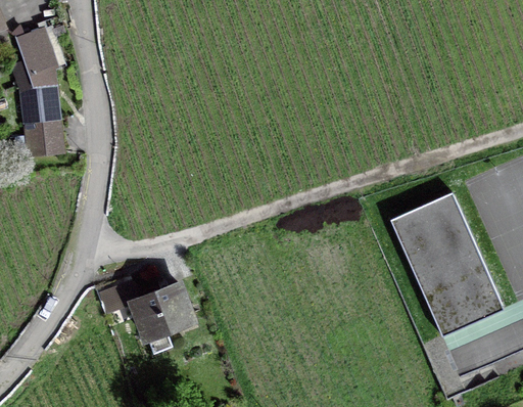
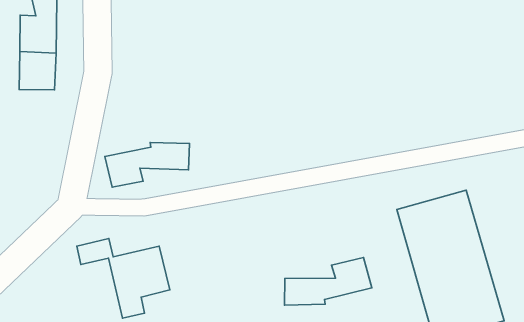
building: none -> [105,143,190,187]
building: none -> [284,258,372,305]

